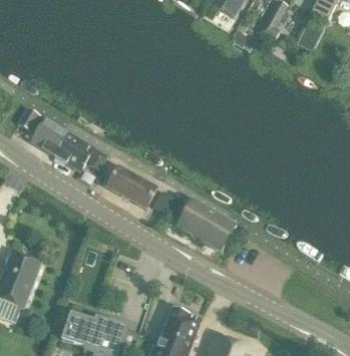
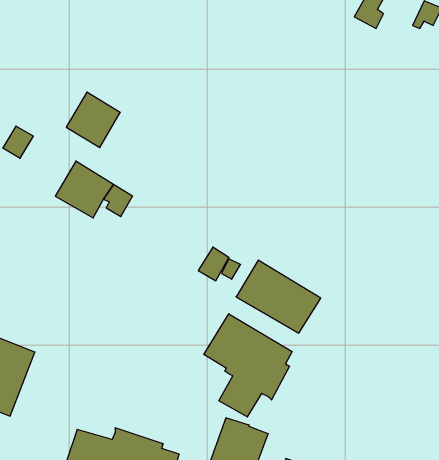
building: [31,117,68,155] -> [66,92,120,148]
building: [107,166,156,208] -> none
building: none -> [204,314,292,417]

